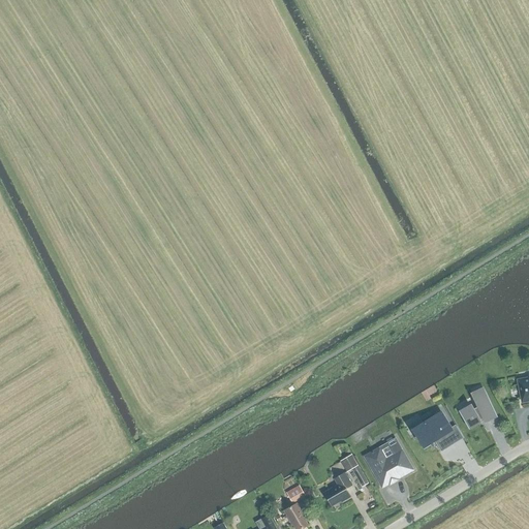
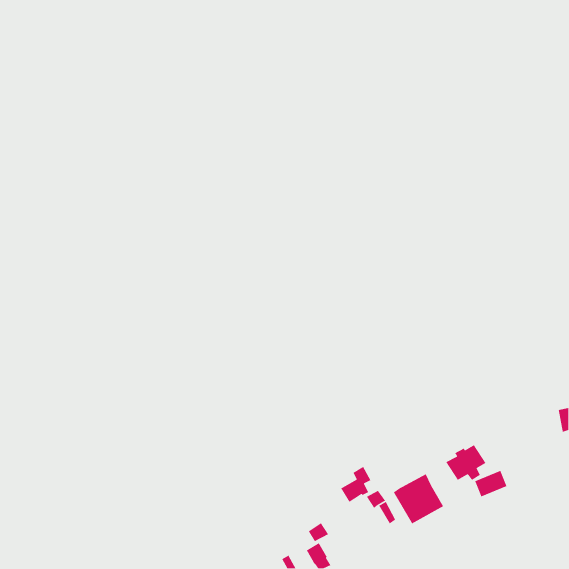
building: [461,388,495,428] -> none
building: [322,471,351,505] -> [340,466,371,503]

